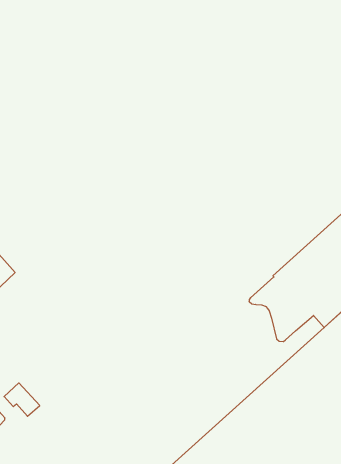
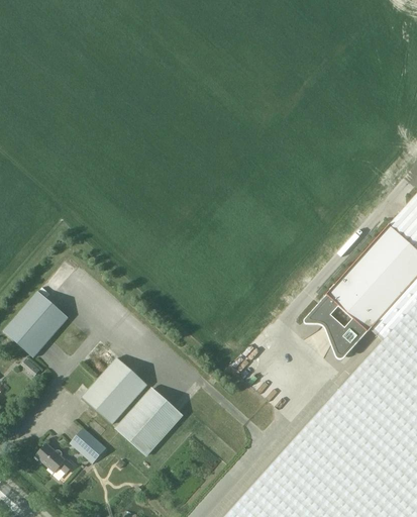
building: none -> [82,358,146,425]
building: none -> [117,390,182,455]

